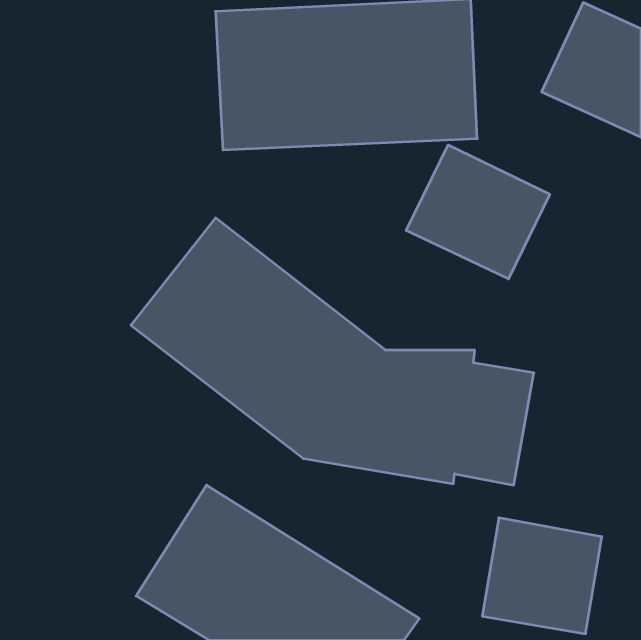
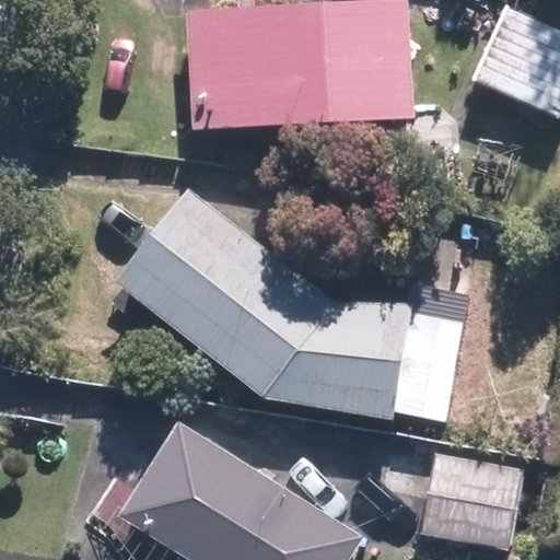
building: [406,145,550,279] -> none

